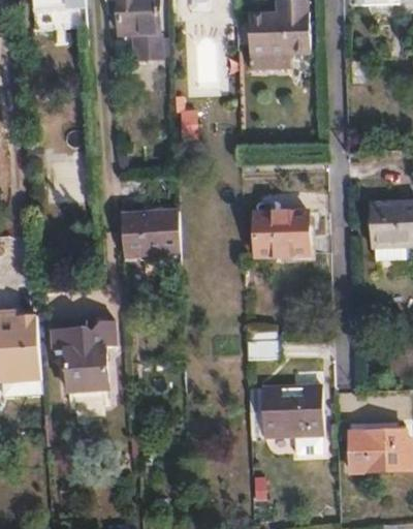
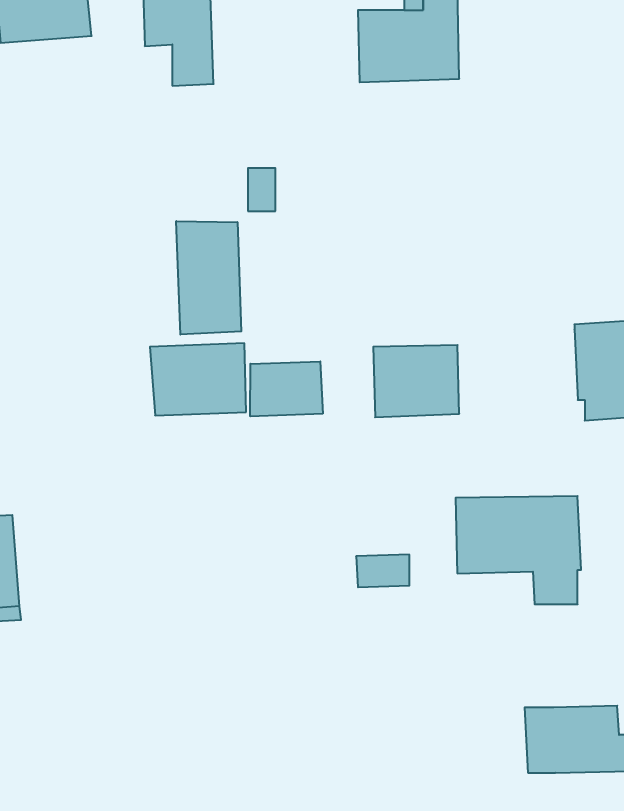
building: none -> [176,221,241,335]
building: none -> [250,361,323,416]
building: [52,318,117,392] -> none
building: [247,388,322,454] -> [456,496,581,604]

